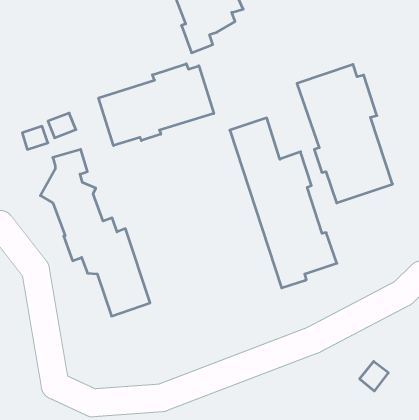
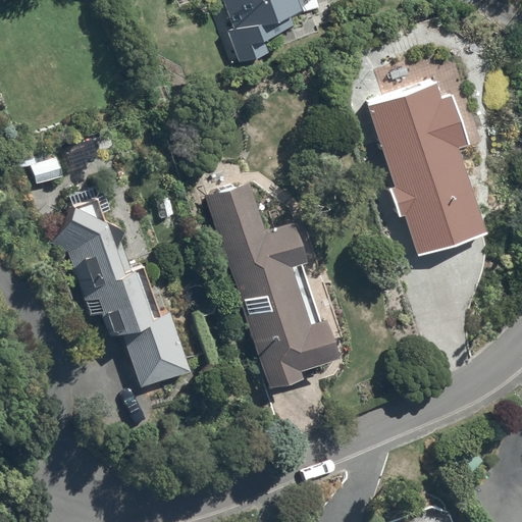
building: [99,64,214,146] -> none
building: [230,118,337,288] -> [203,181,335,392]

